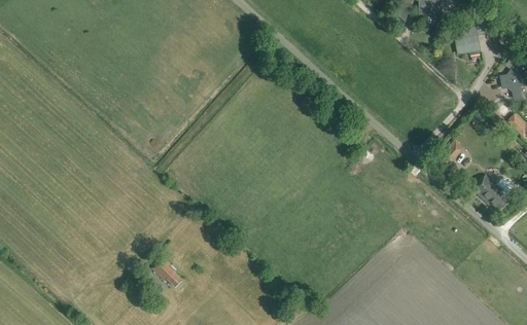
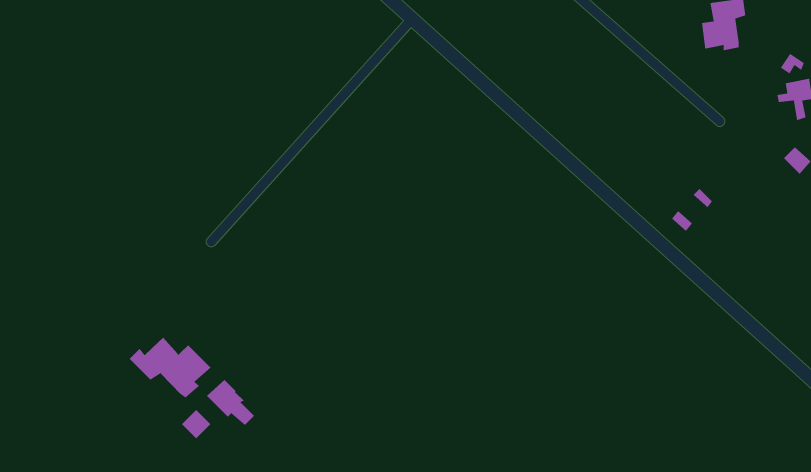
building: [471,175,508,210] -> none
building: none -> [129,337,212,399]

